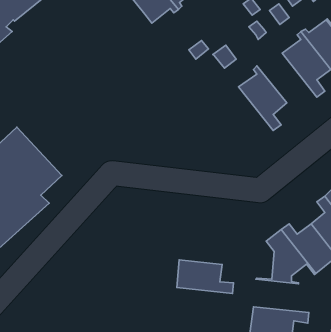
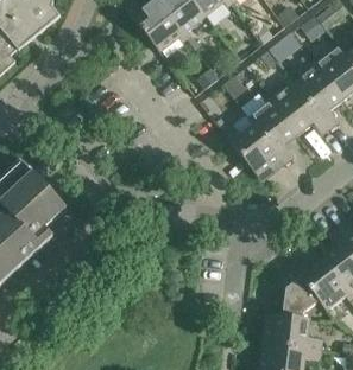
building: none -> [267,82,329,133]
building: none -> [222,116,284,180]
building: [177,260,234,293] -> [264,314,322,349]

